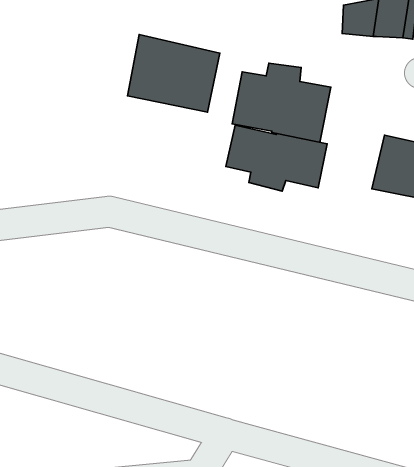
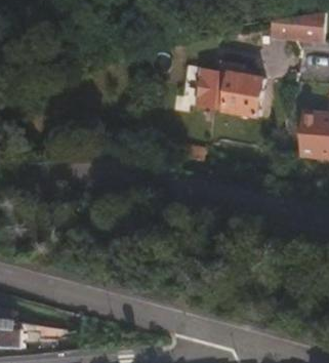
building: [128,35,220,112] -> none
building: [226,125,327,191] -> none

